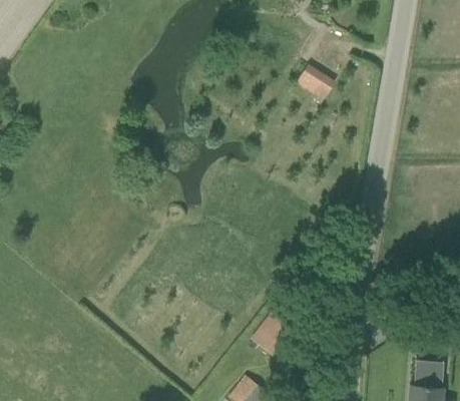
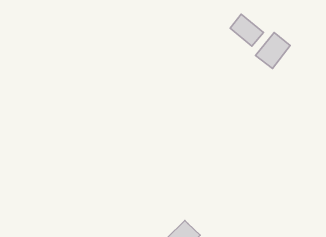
building: none -> [256,33,290,68]

